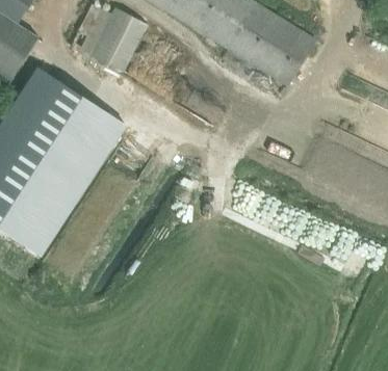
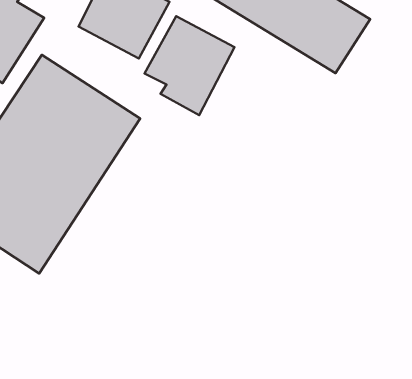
building: none -> [144,16,235,115]

